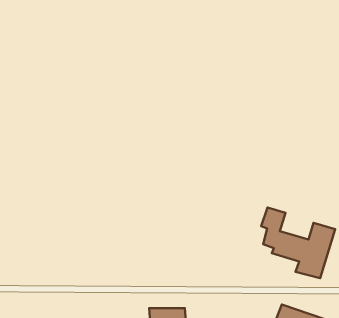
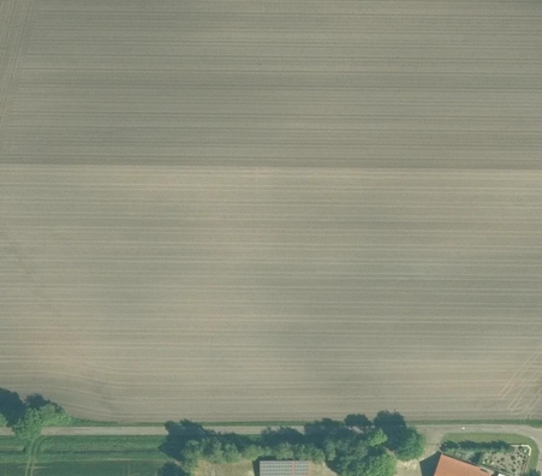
building: [261,208,335,278] -> none

